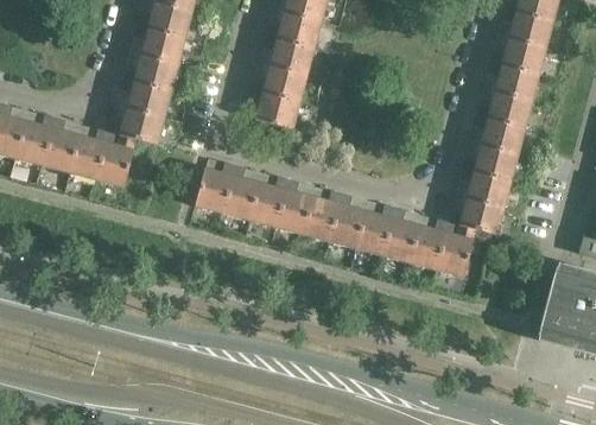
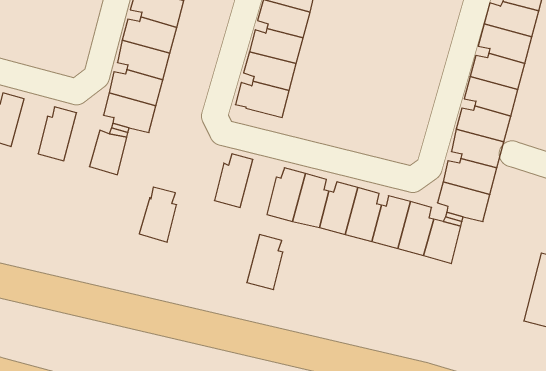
building: [17,110,53,166] -> none
building: [70,125,107,179] -> none
building: [195,158,233,214] -> [139,187,177,242]
building: [249,172,286,228] -> [247,235,283,290]

